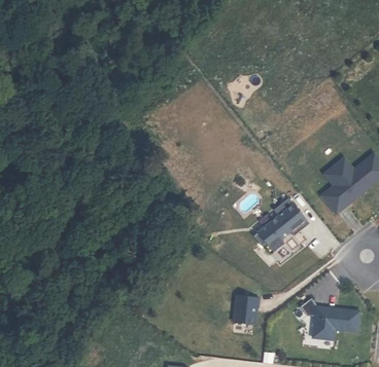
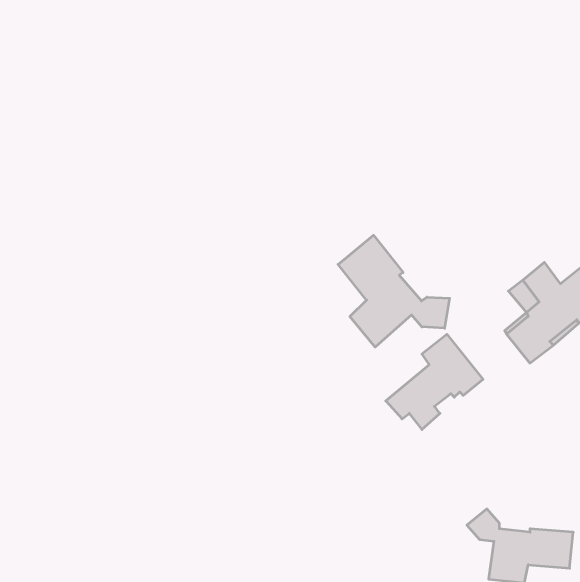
building: none -> [338,235,450,347]
building: [234,296,260,325] -> none

